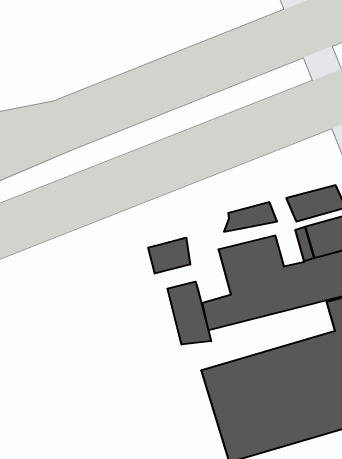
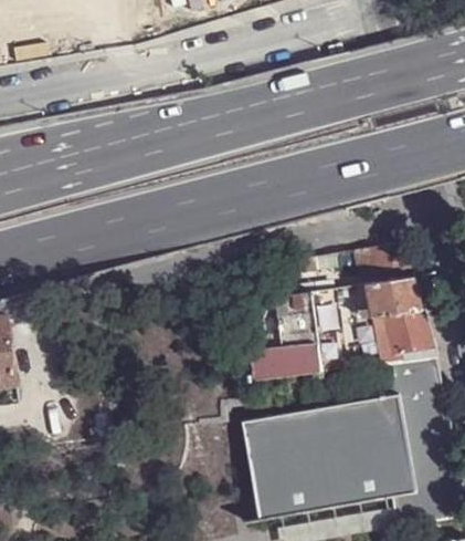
building: [148,238,190,274] -> none
building: [167,282,211,345] -> none

